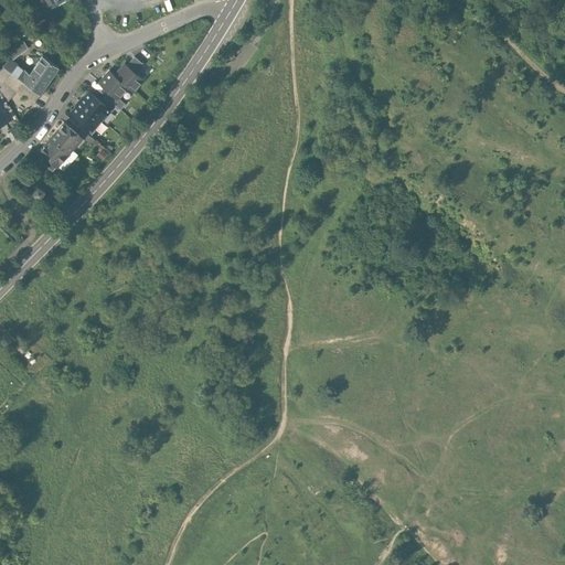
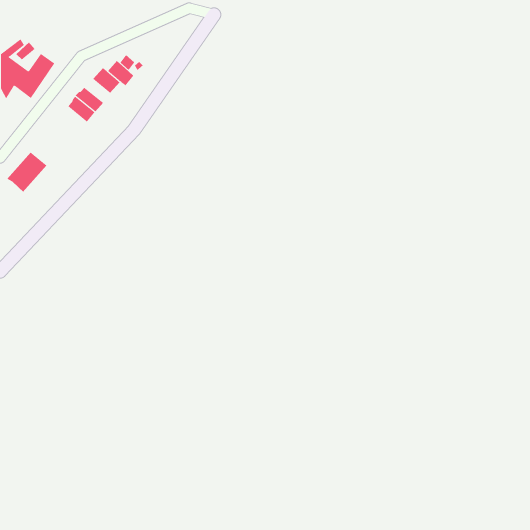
building: [40,124,83,167] -> [7,152,47,192]

